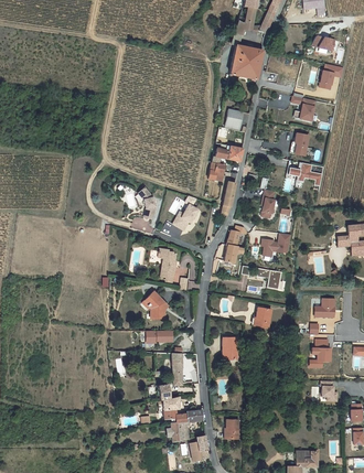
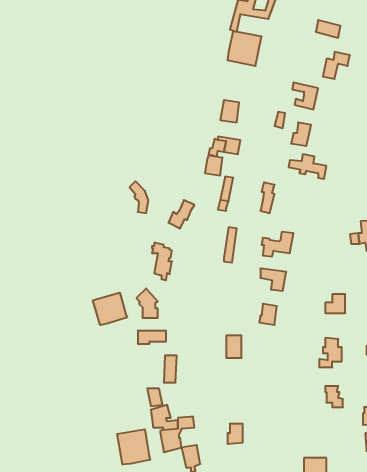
building: none -> [93,293,127,325]
building: none -> [117,429,150,465]

